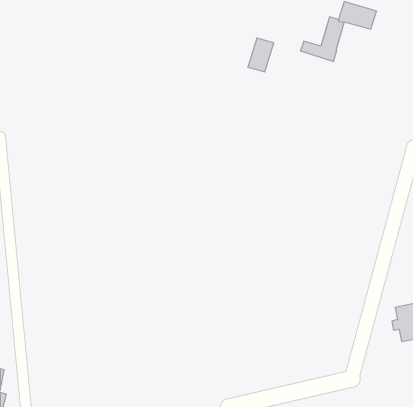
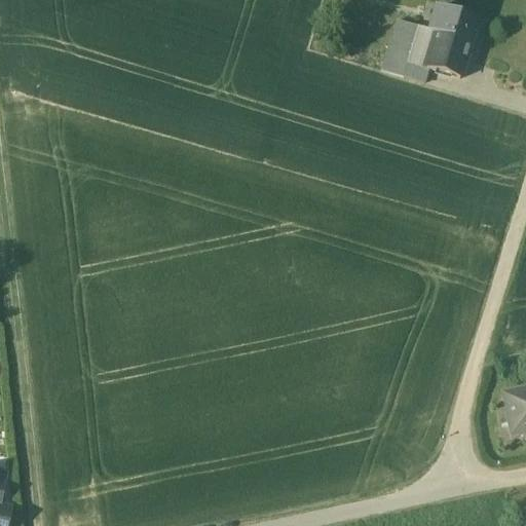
building: none -> [427,28,472,74]
building: [248,38,274,72] -> [386,15,419,59]

